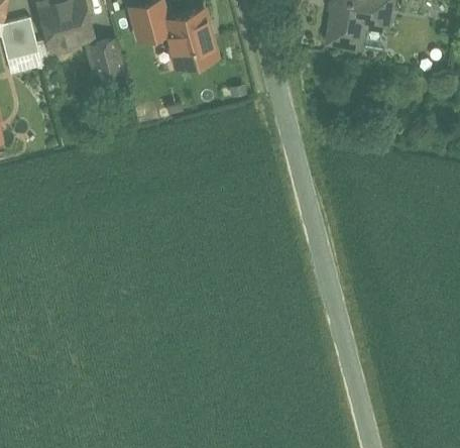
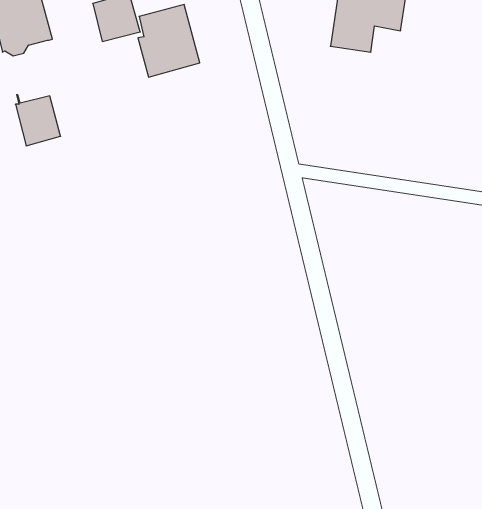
building: [87,35,125,79] -> [15,95,61,146]

